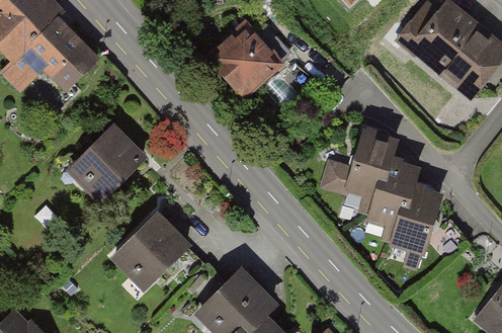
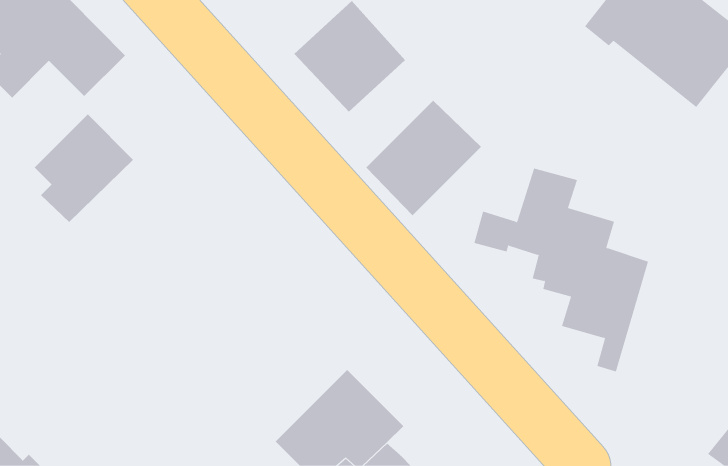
building: none -> [366,100,482,216]
building: [79,126,145,197] -> [34,114,134,223]
building: [112,209,192,289] -> none

